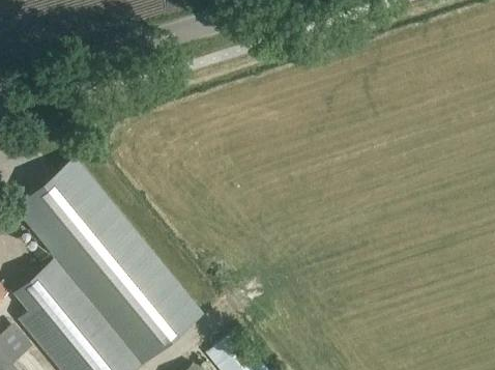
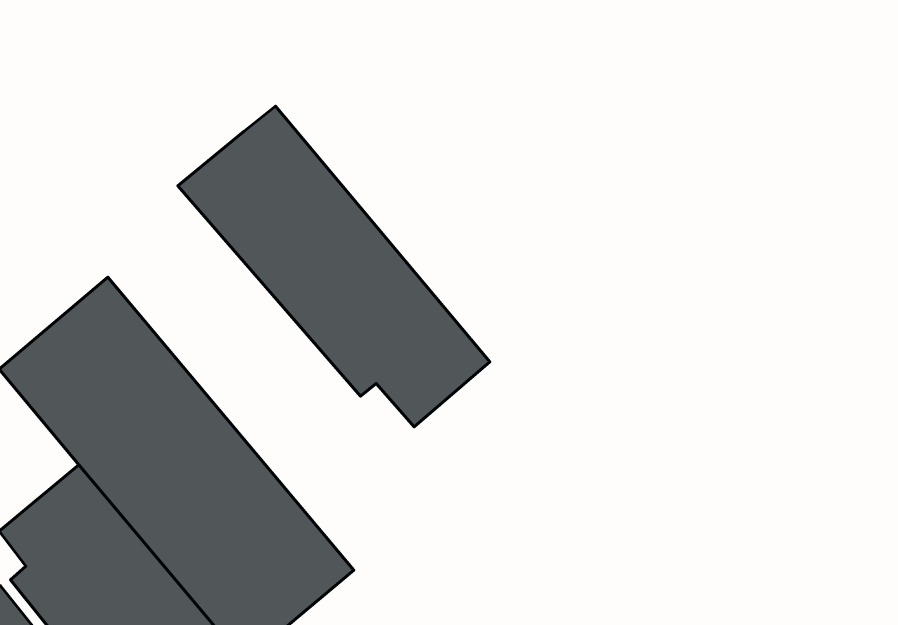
building: none -> [178,106,490,427]

